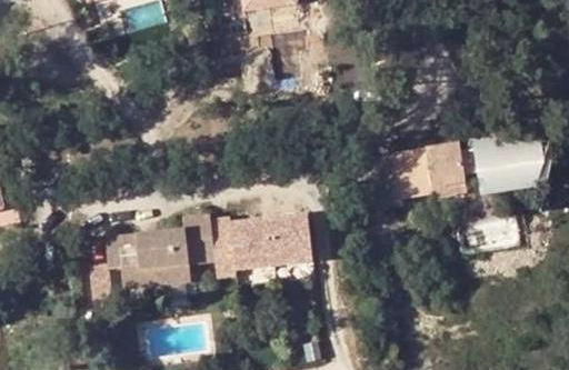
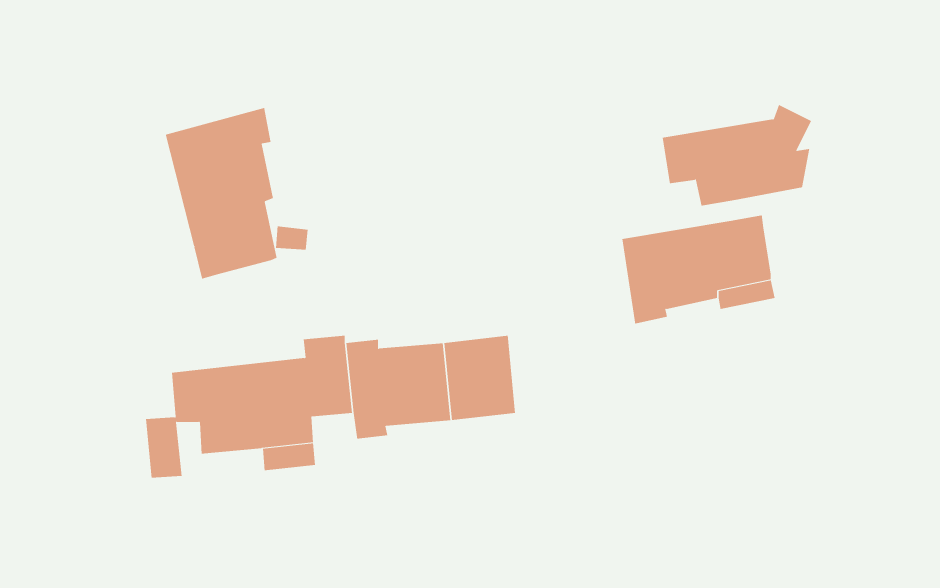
building: none -> [165,107,277,279]
building: [461,130,551,191] -> [662,104,812,206]

